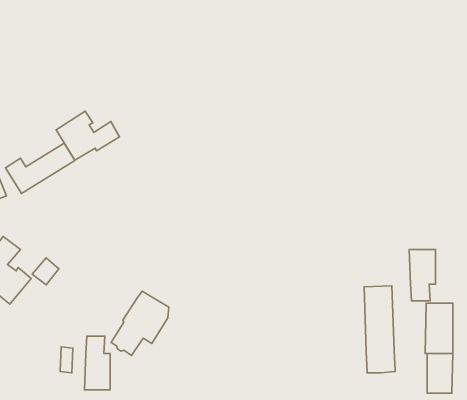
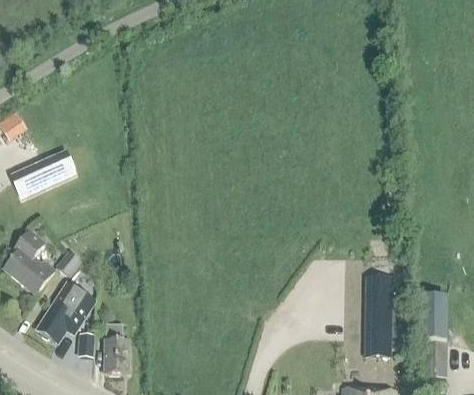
building: [56,111,120,160] -> none
building: [409,249,436,301] -> none
building: [111,291,169,355] -> [37,282,91,342]

